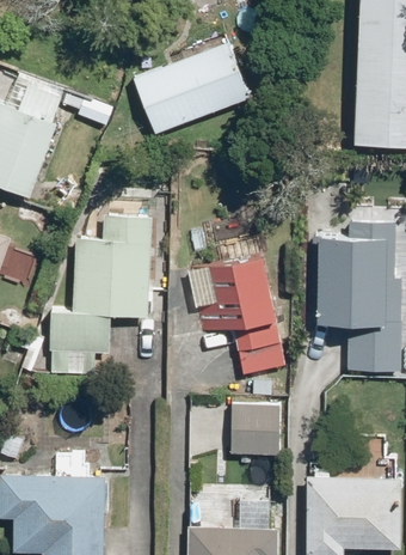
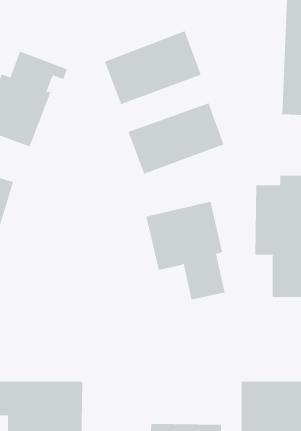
building: none -> [128,102,224,175]
building: [55,191,164,368] -> none
building: [229,408,281,458] -> none

